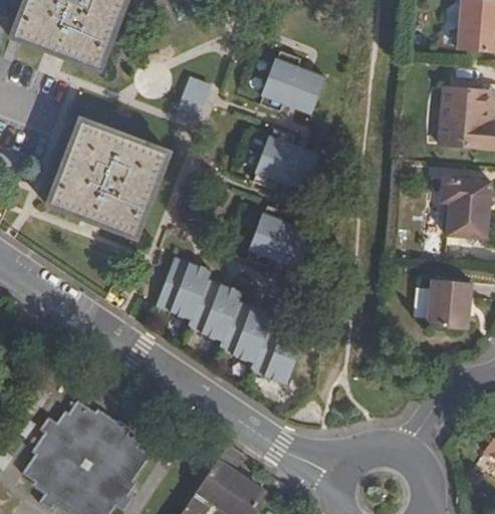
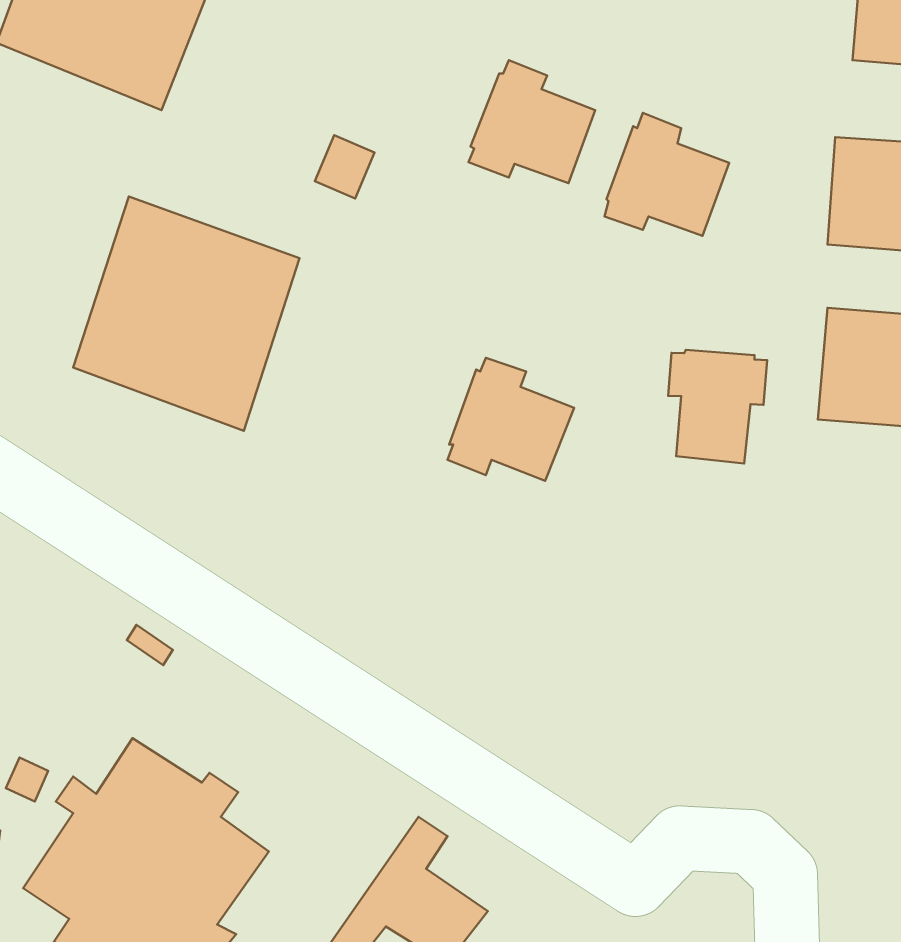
building: [251,124,316,189] -> [604,113,729,236]
building: none -> [668,350,767,463]
building: [154,253,303,382] -> none
building: [431,280,473,330] -> none

